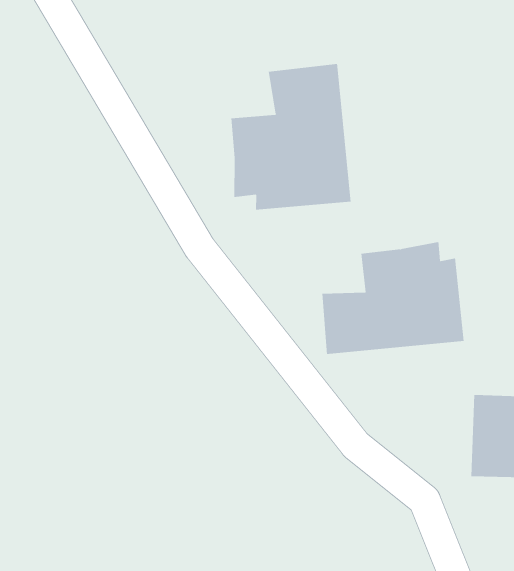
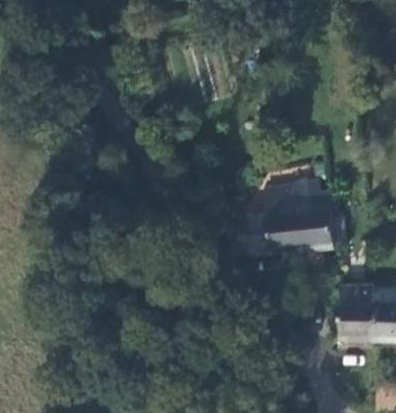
building: [231,63,351,211] -> none

